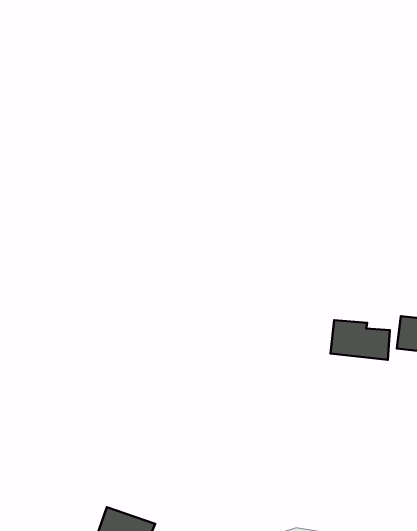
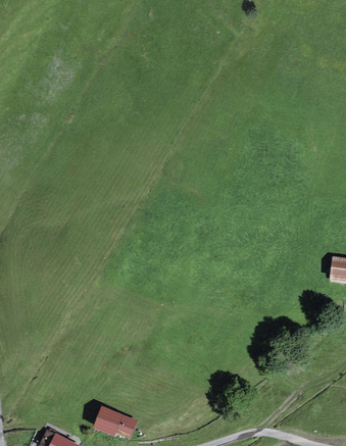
building: [330,320,390,360] -> none

